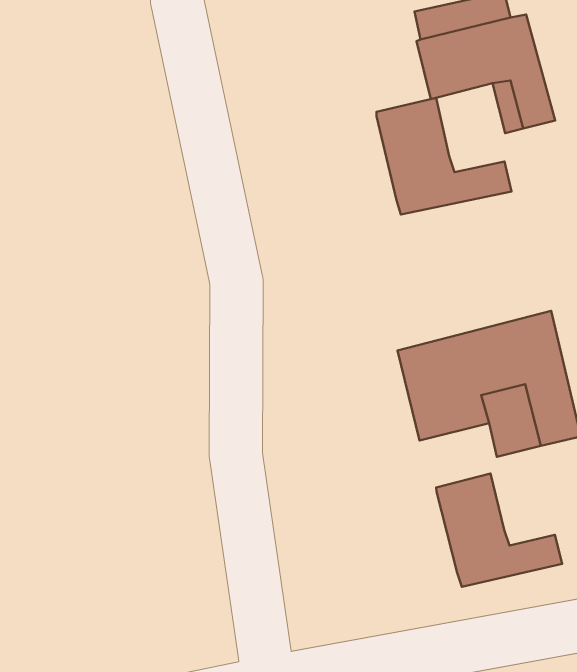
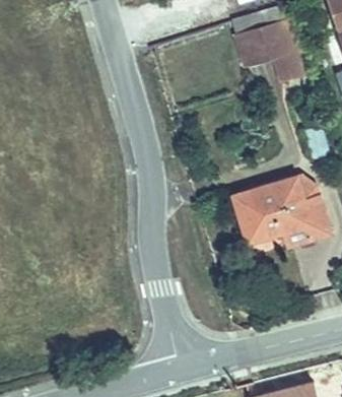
building: [376,98,511,215] -> none
building: [436,474,562,587] -> none

